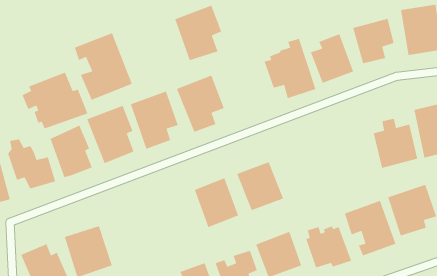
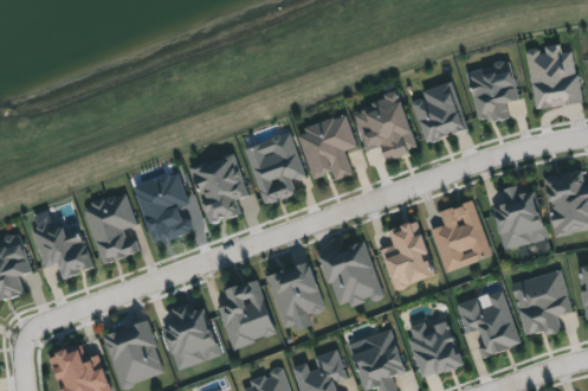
building: [174,5,222,61] -> [298,113,358,184]
building: [74,32,133,101] -> none
building: [21,71,88,130] -> none
building: none -> [433,200,492,273]
building: none -> [381,223,437,291]
building: none -> [218,280,278,350]
building: none -> [162,302,224,370]

